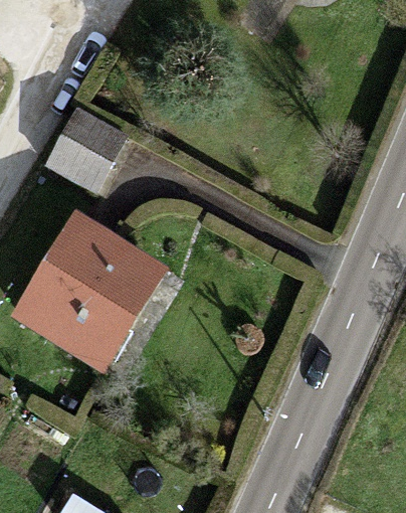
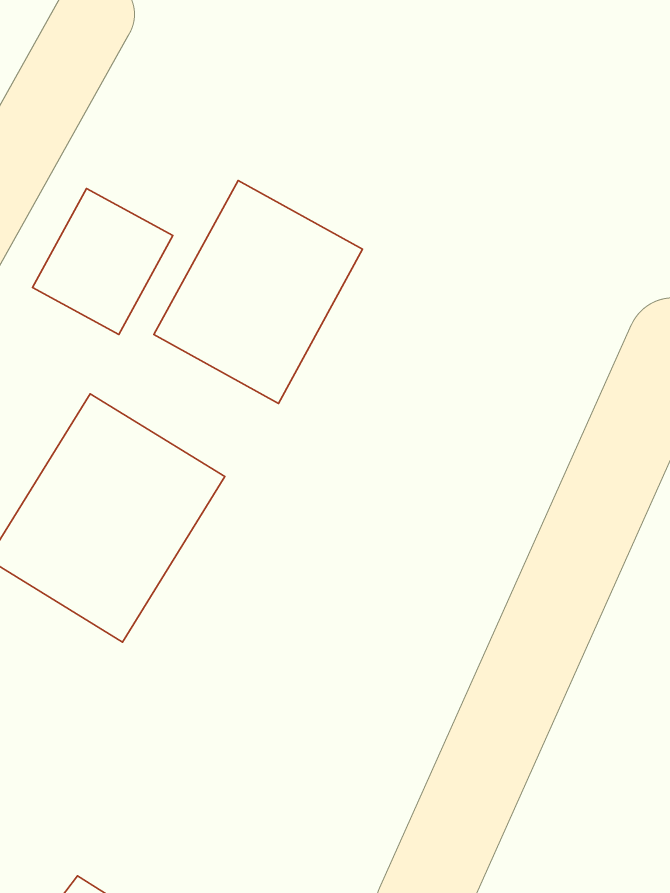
building: none -> [154,180,363,403]

